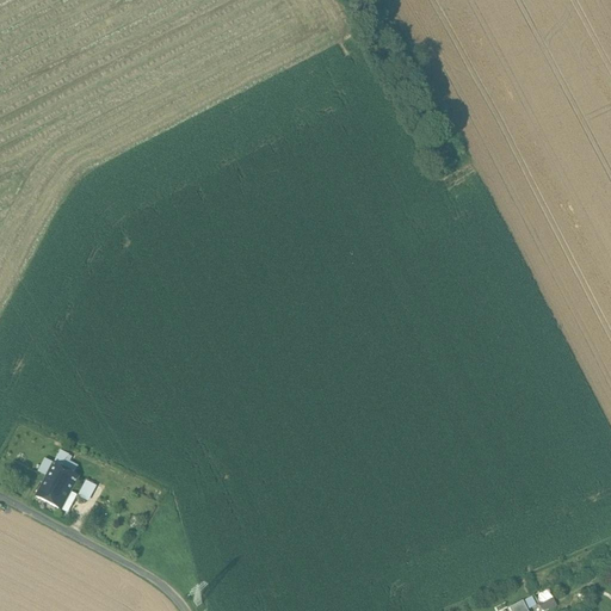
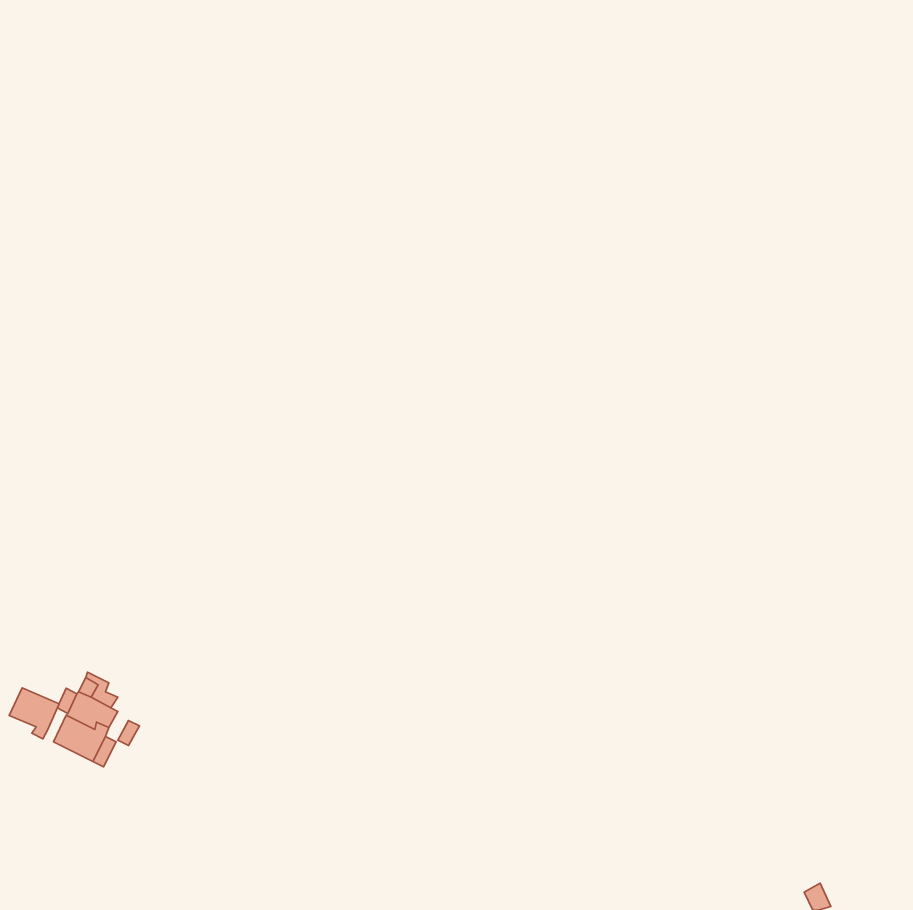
building: none -> [9,688,59,739]

